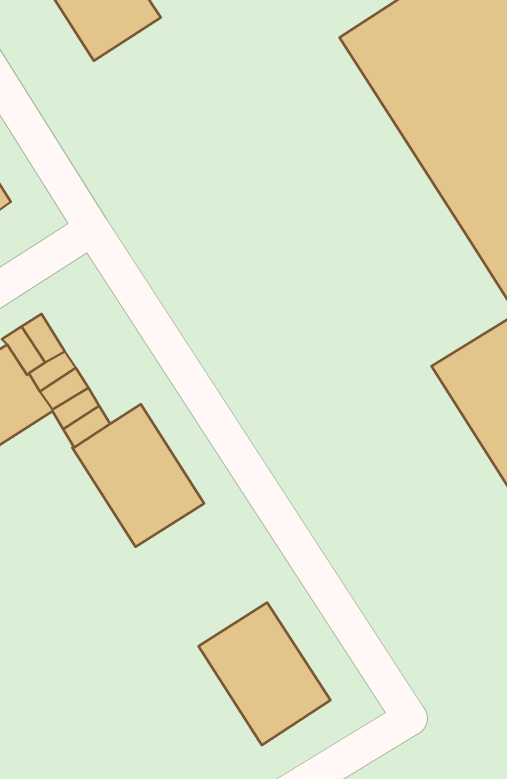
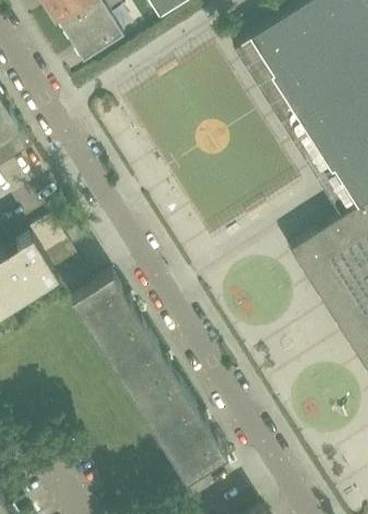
building: none -> [110,332,190,419]

